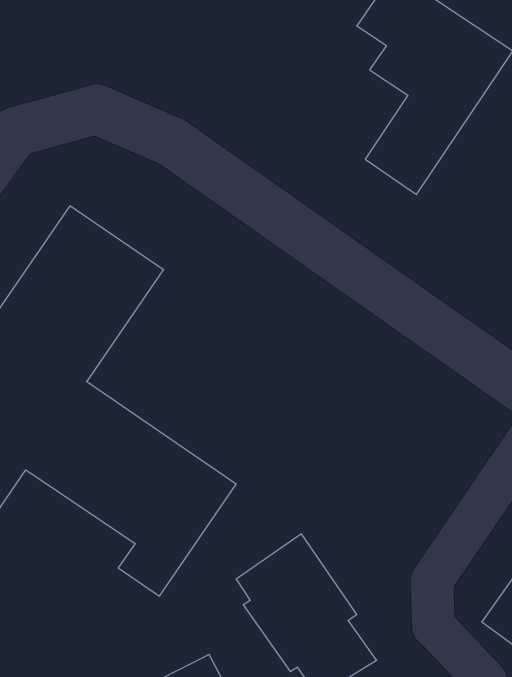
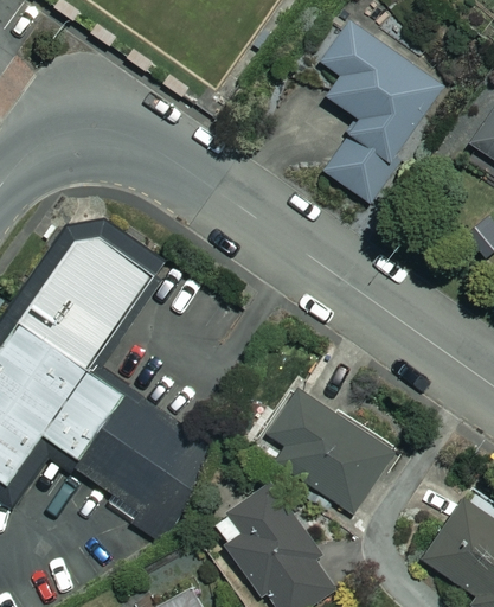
building: none -> [269,389,394,515]

